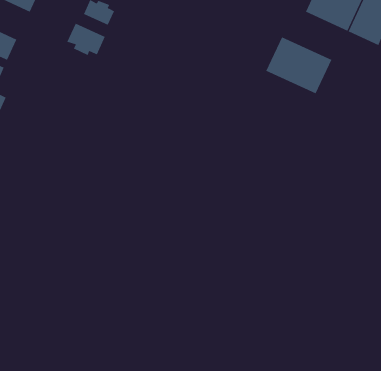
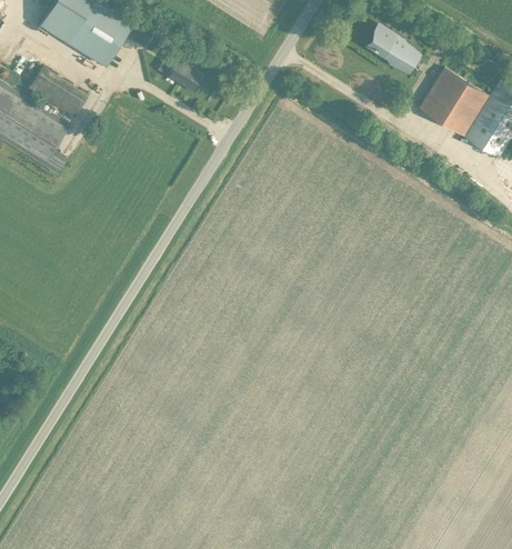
building: [66,23,105,56] -> none
building: [266,36,332,94] -> none

